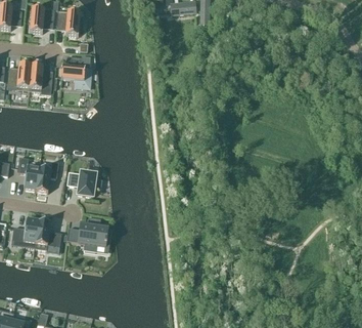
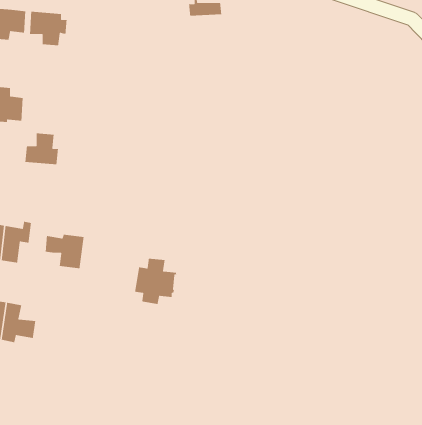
building: [60,55,85,79] -> [25,133,59,165]
building: [78,216,111,250] -> [134,258,181,305]

